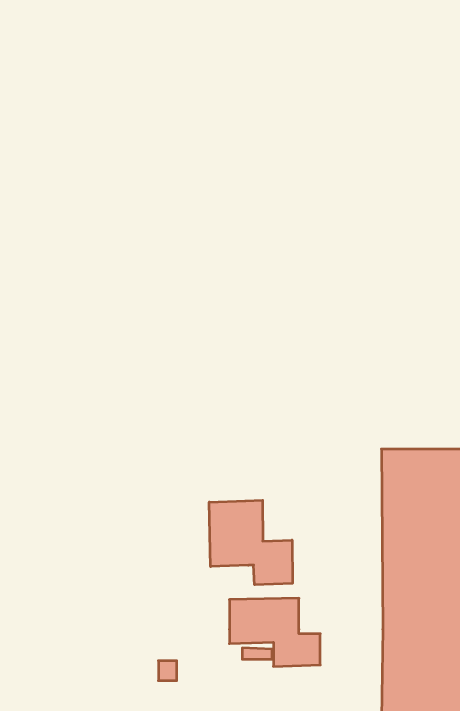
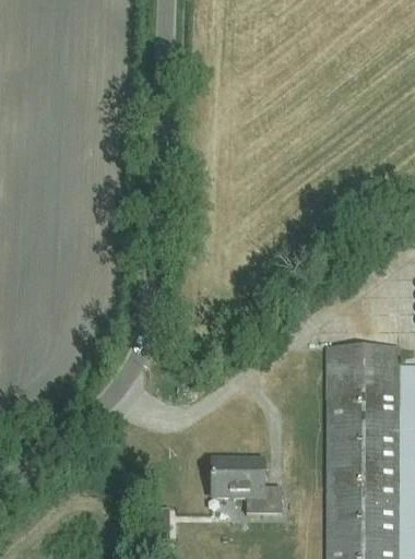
building: [209,500,292,585] -> none

